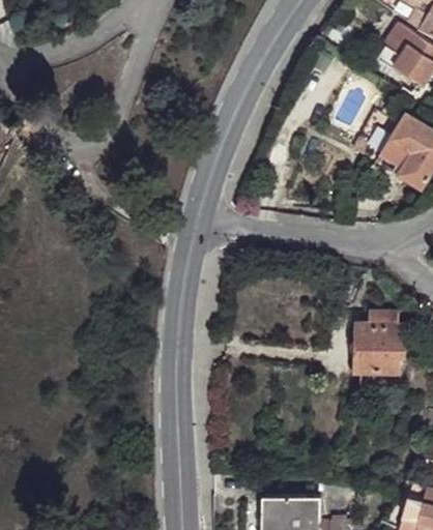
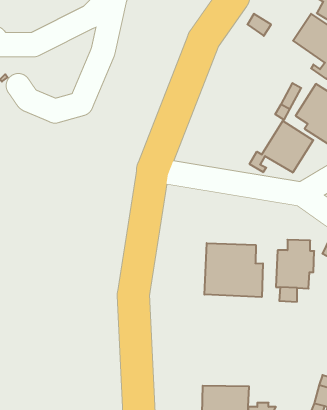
building: none -> [250,121,313,173]
building: none -> [204,243,263,297]

